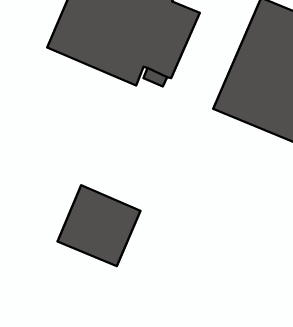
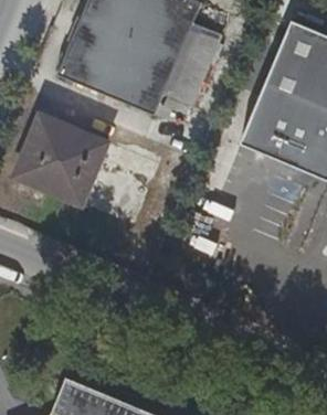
building: [58,185,140,266] -> [14,116,104,203]

